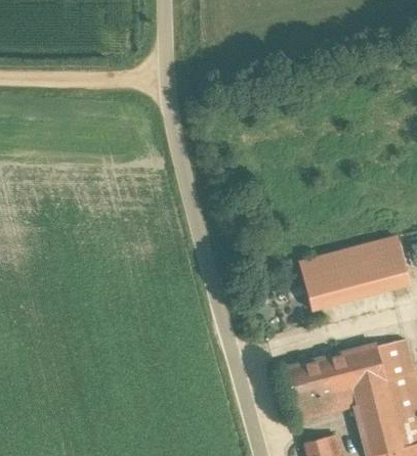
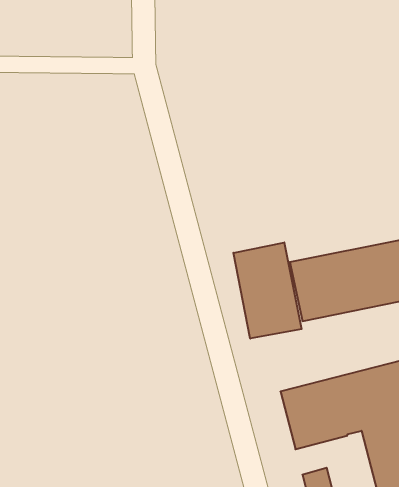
building: none -> [233,242,302,339]

